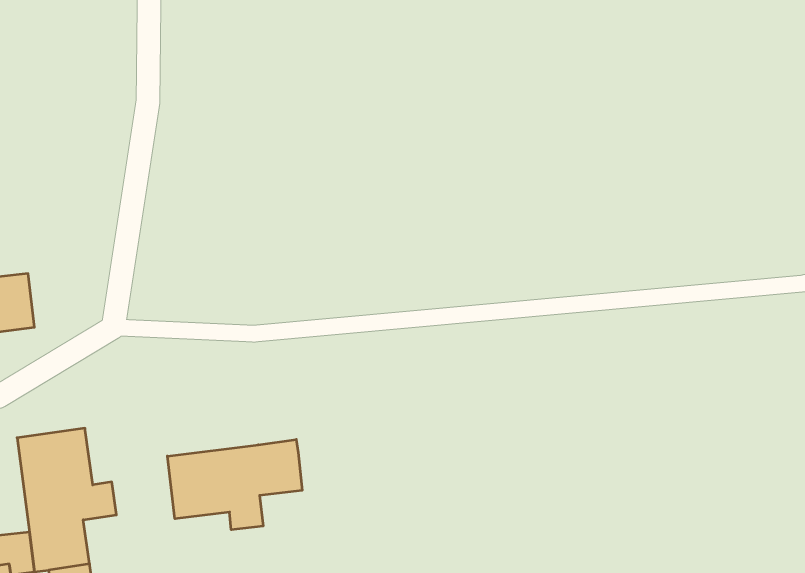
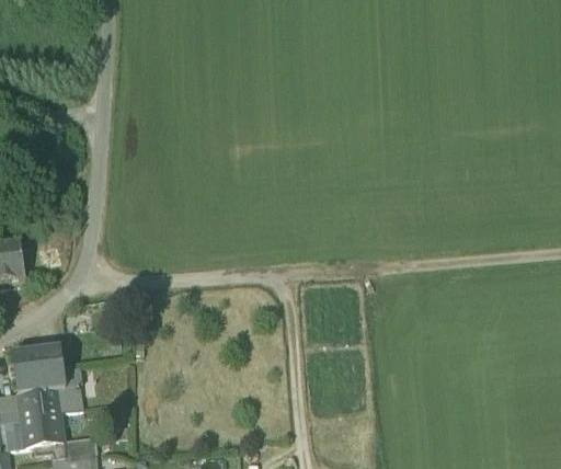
building: [167,439,302,530] -> none

